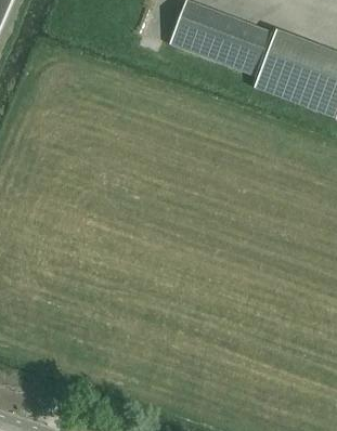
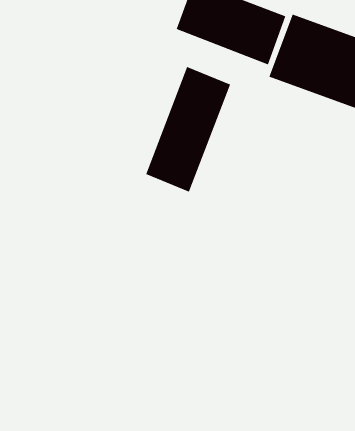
building: none -> [145,66,231,192]

